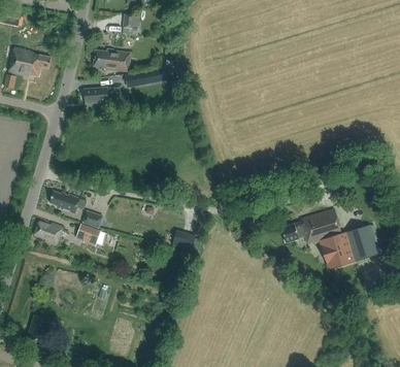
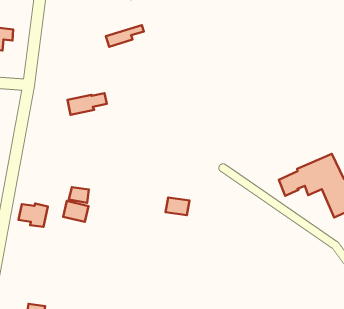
building: [94,49,131,71] -> none
building: [85,87,121,103] -> [68,93,107,115]
building: [51,191,88,213] -> none

